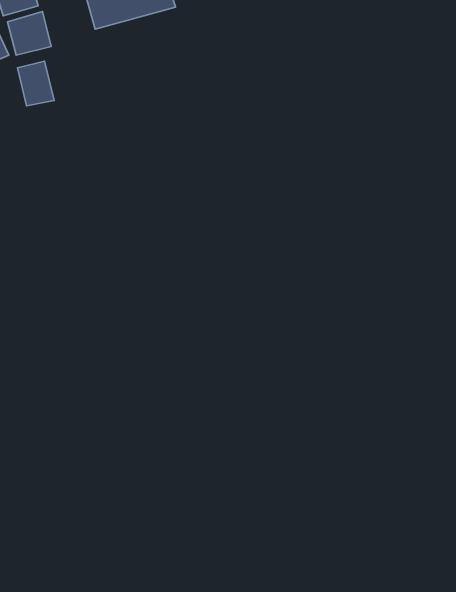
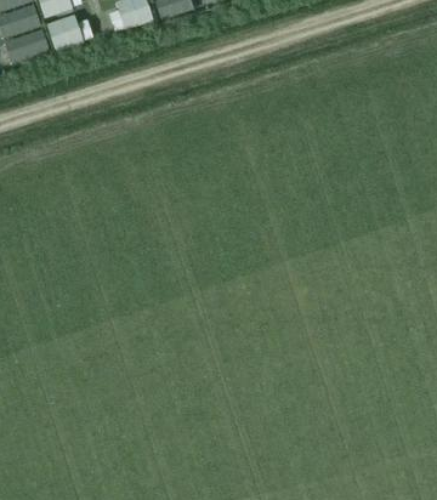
building: [17,61,54,106] -> none

